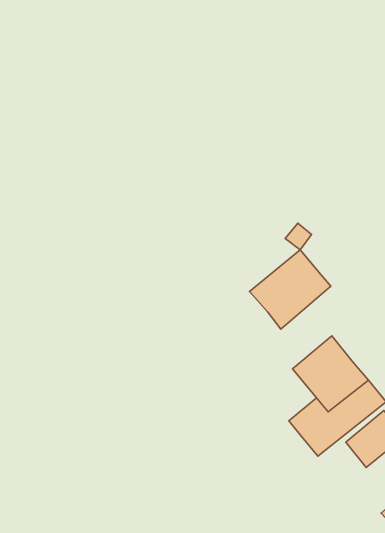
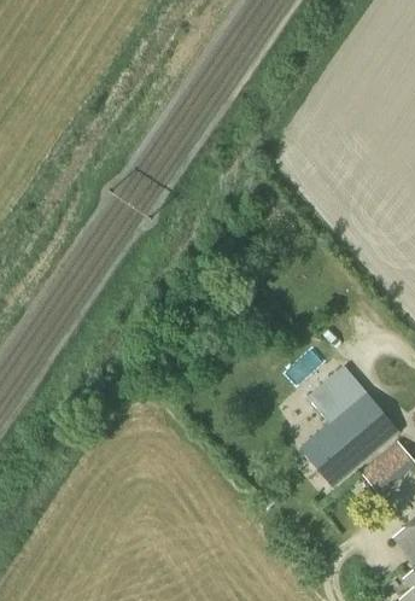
building: [250,250,331,329] -> none

